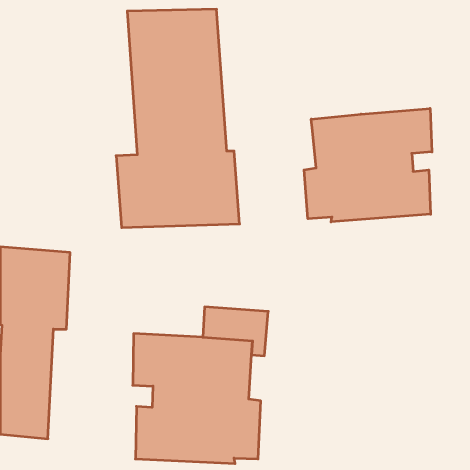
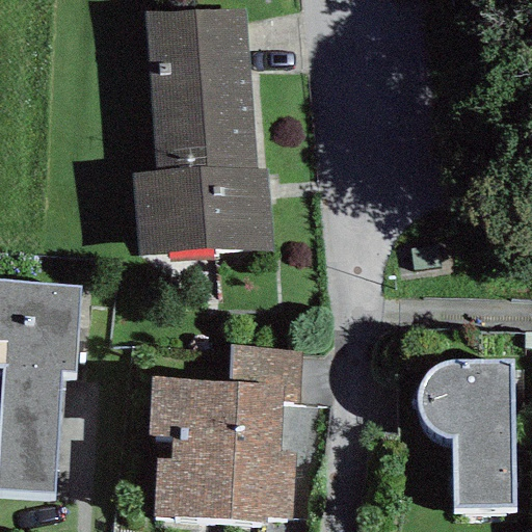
building: [304,108,432,222] -> none
building: none -> [418,360,514,511]

